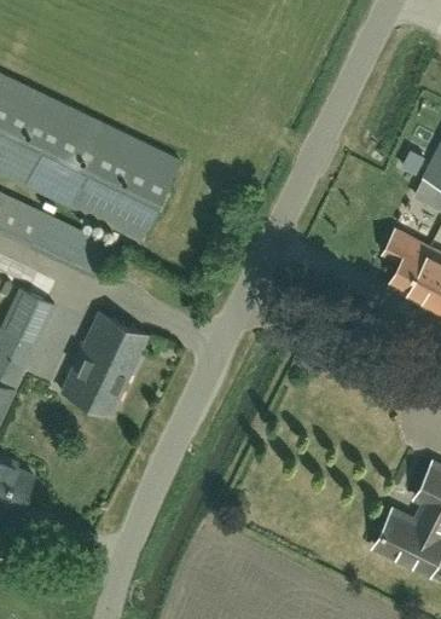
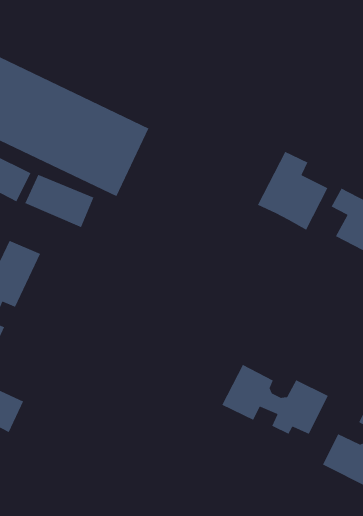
building: none -> [257,151,329,231]
building: [63,312,149,415] -> none
building: none -> [221,364,329,435]

